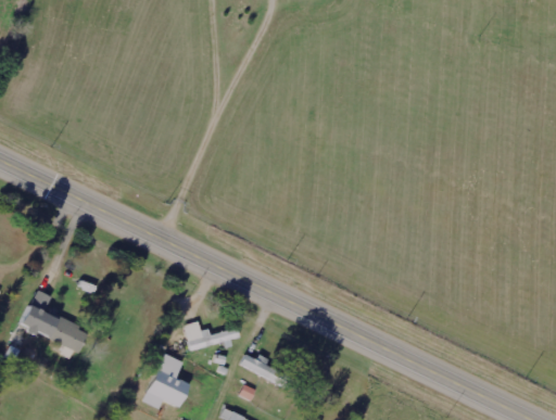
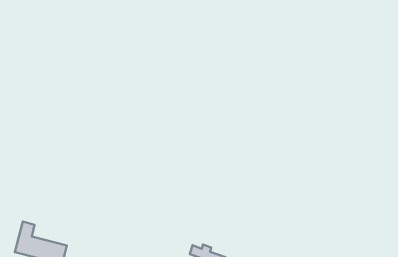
building: [184,321,239,351] -> none

